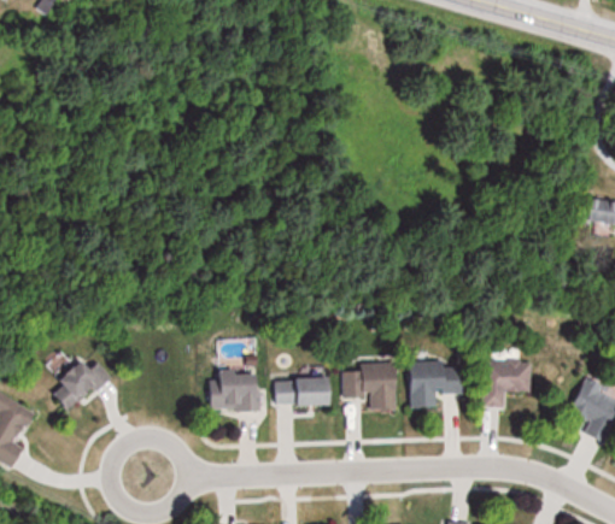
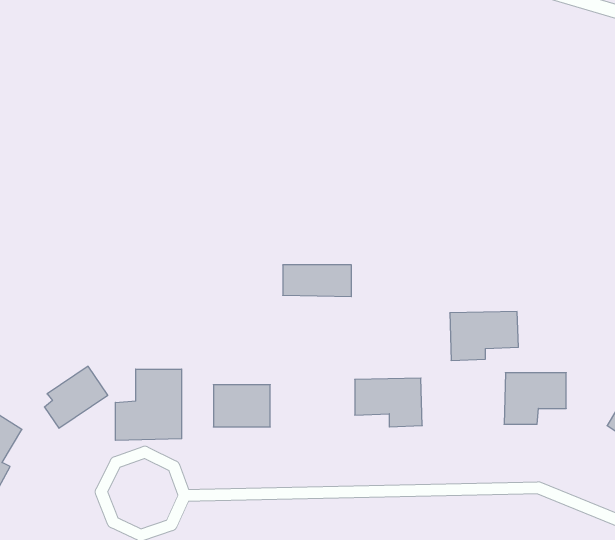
building: none -> [115,369,182,440]
building: [405,361,468,406] -> [450,312,518,360]
building: [271,377,334,406] -> [283,265,351,297]

